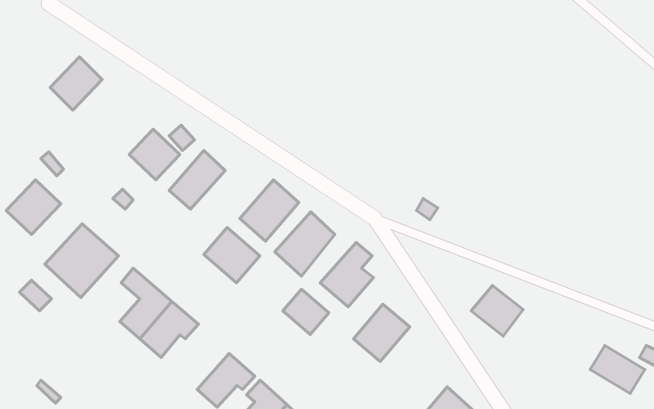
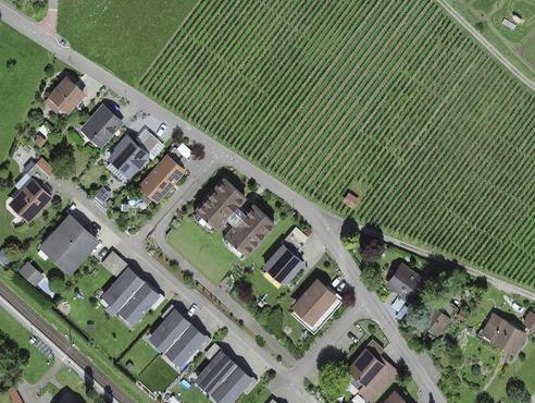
building: none -> [79,106,122,147]
building: [204,227,260,283] -> none
building: [283,289,329,334] -> none
building: none -> [147,304,188,350]
building: none -> [422,307,451,337]

